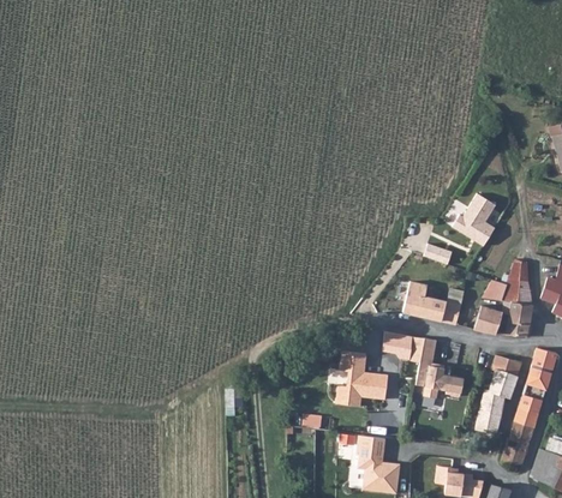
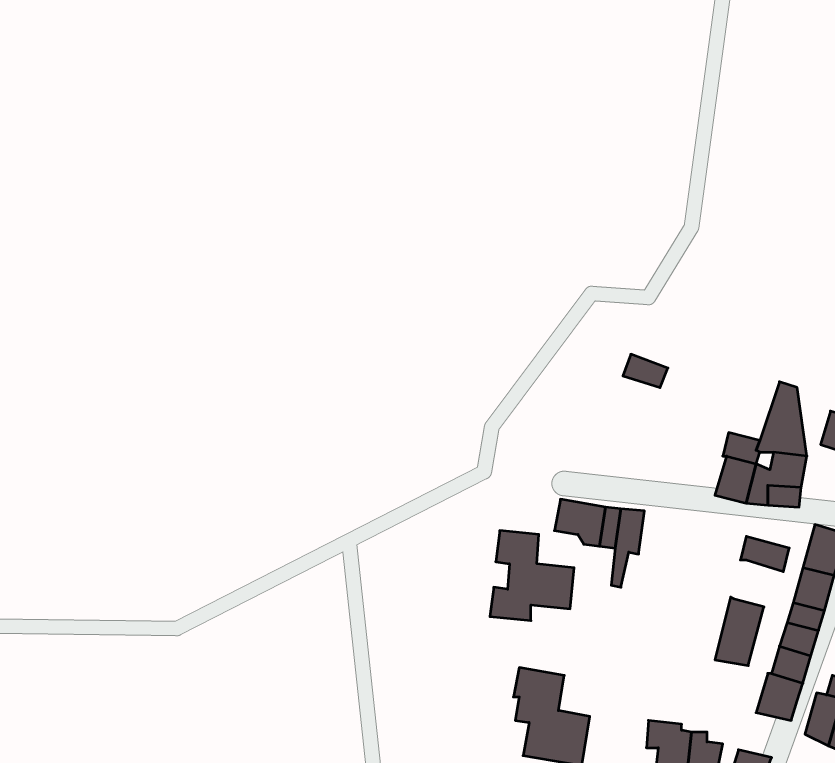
building: [448,192,494,245] -> none
building: [405,282,464,324] -> none
building: [419,364,462,398] -> none
building: [489,368,519,397] -> none

